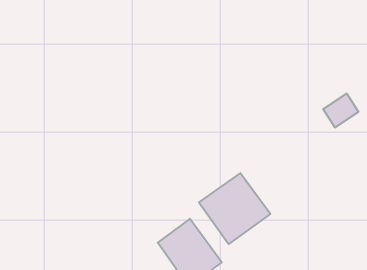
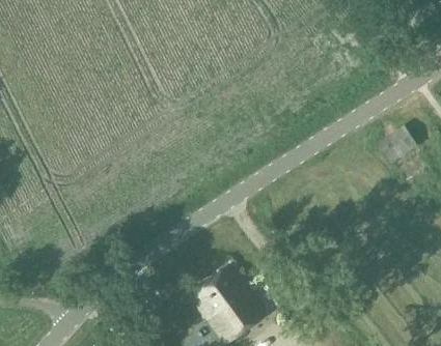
building: [199,173,270,244] -> none

